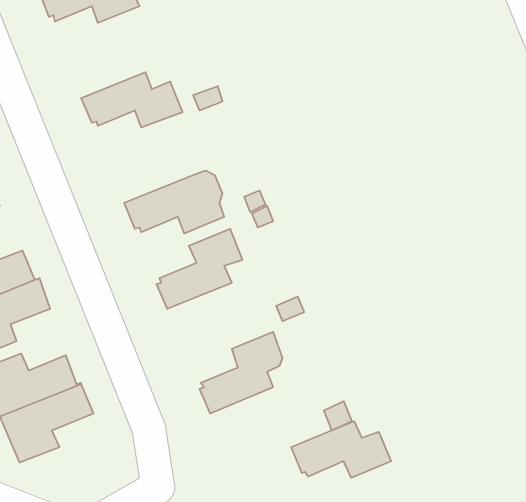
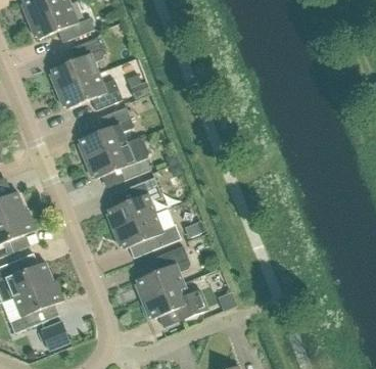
building: none -> [49,37,103,90]
building: none -> [78,106,134,159]
building: none -> [112,213,181,250]
building: [291,421,391,478] -> [141,282,207,320]
building: none -> [41,320,71,350]

